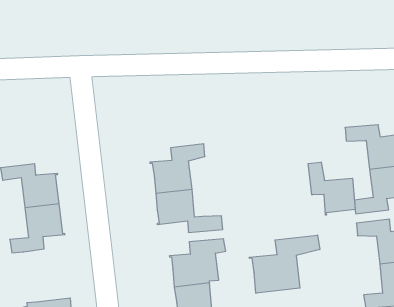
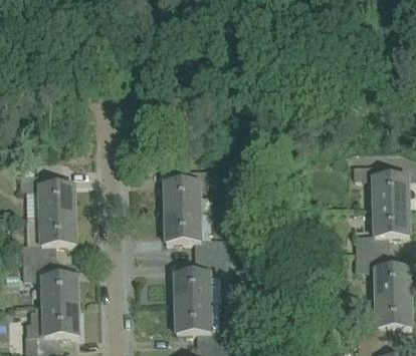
building: [308,162,355,215] -> none
building: [249,235,320,293] -> none
building: none -> [23,263,76,304]

